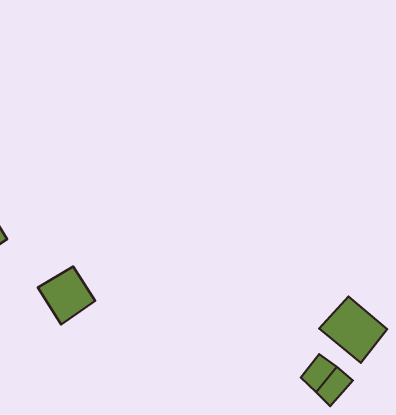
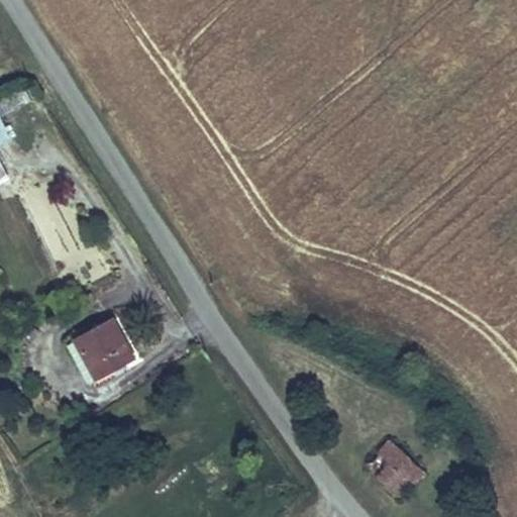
building: [319,297,387,363] -> none

